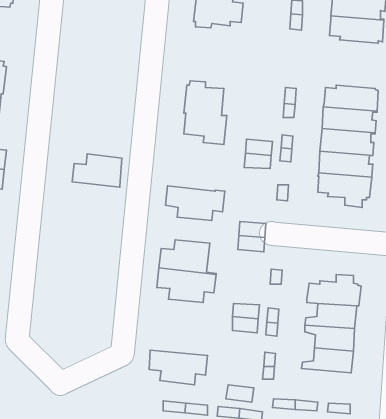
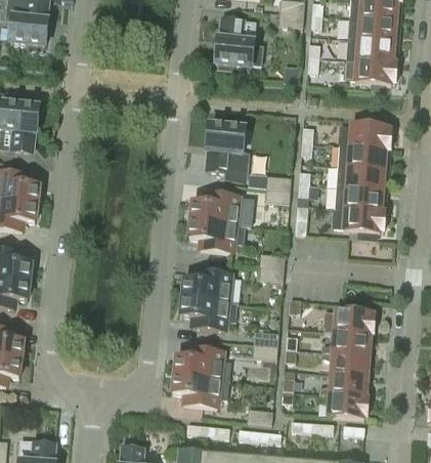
building: [72,154,122,187] -> [191,192,239,223]
building: none -> [175,347,231,379]
building: none -> [318,391,368,417]

